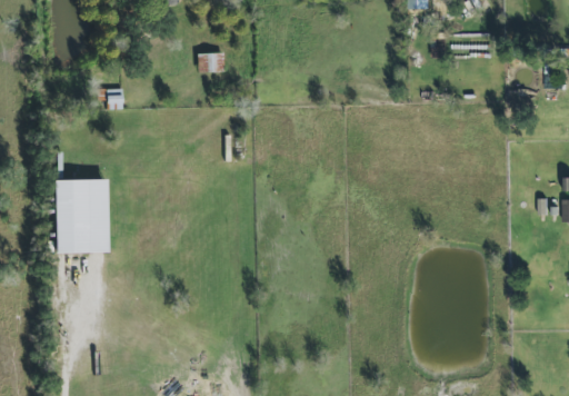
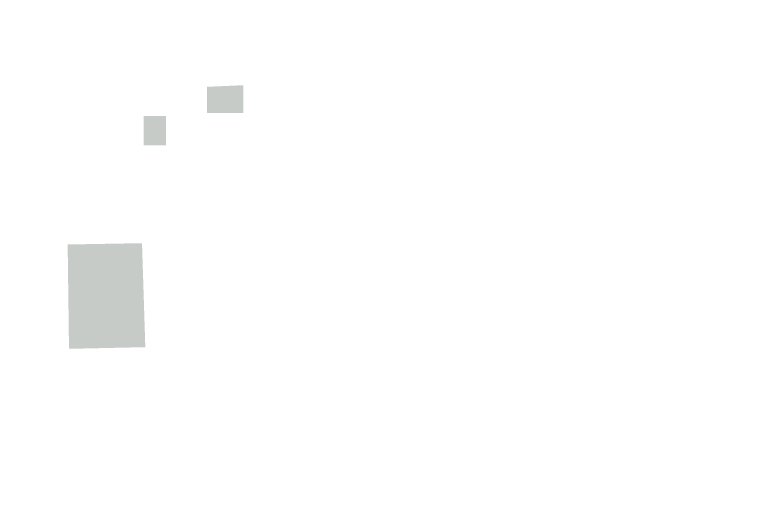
building: [199,52,226,72] -> [206,85,244,114]

